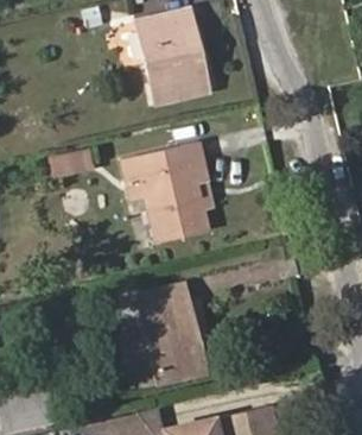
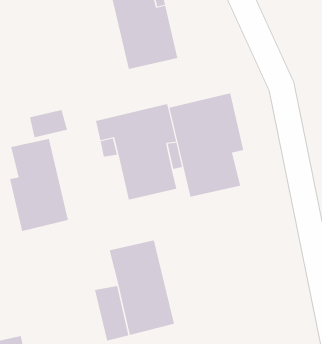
building: none -> [169,92,244,197]
building: none -> [9,138,68,232]

